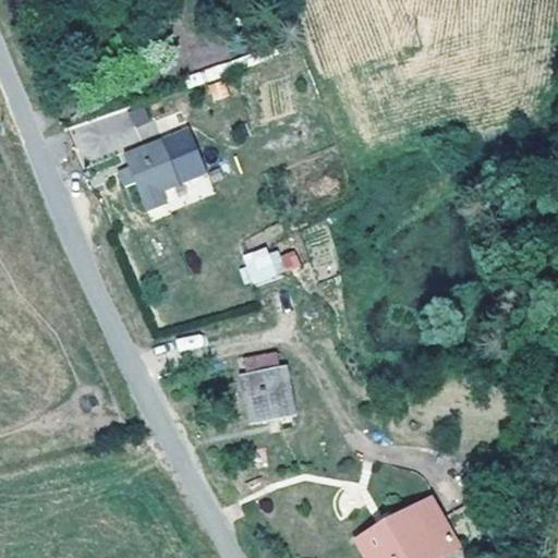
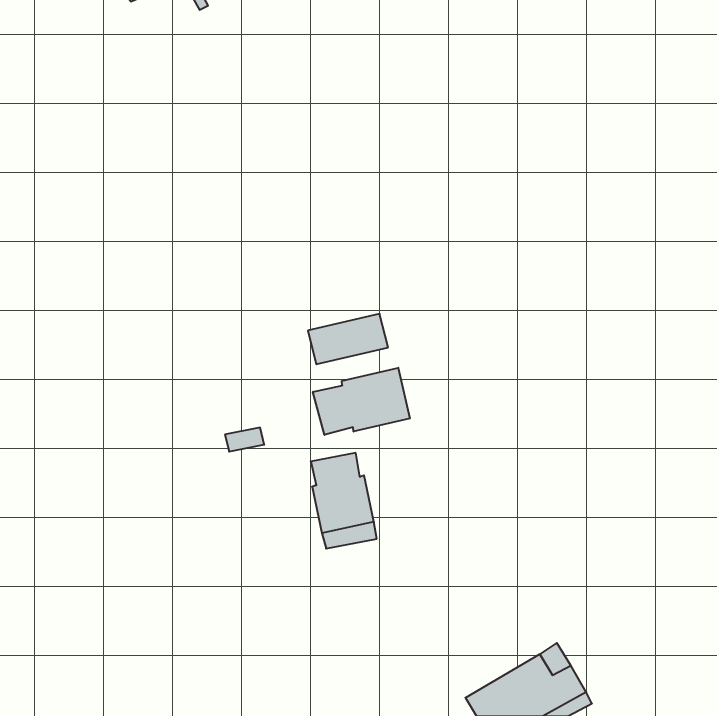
building: [116,129,203,210] -> none
building: none -> [313,368,410,435]

